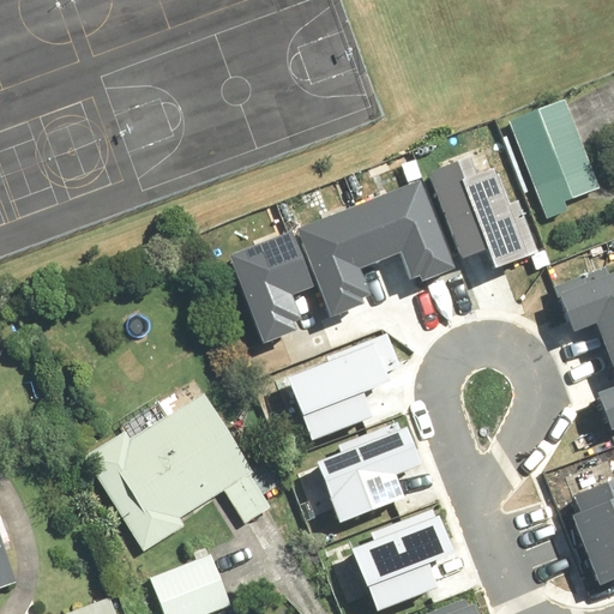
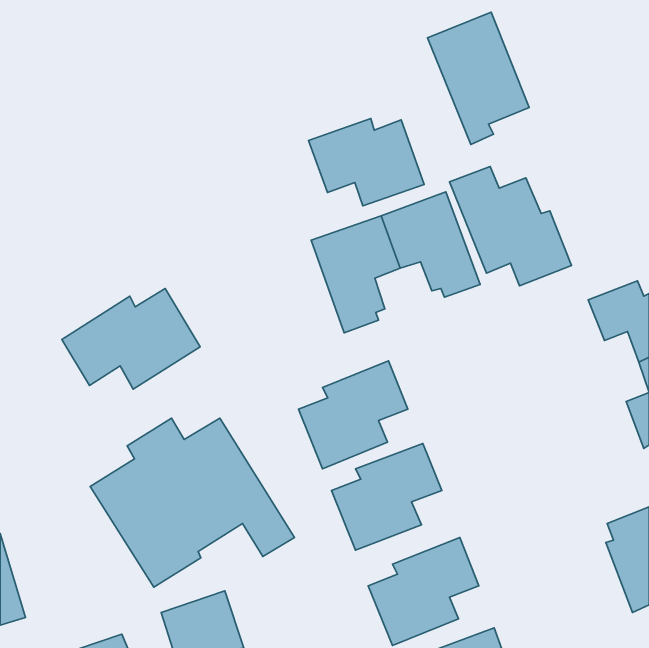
building: [512,100,608,224] -> [428,12,529,144]
building: none -> [309,118,424,206]
building: [225,231,309,342] -> none
building: none -> [62,288,200,389]

